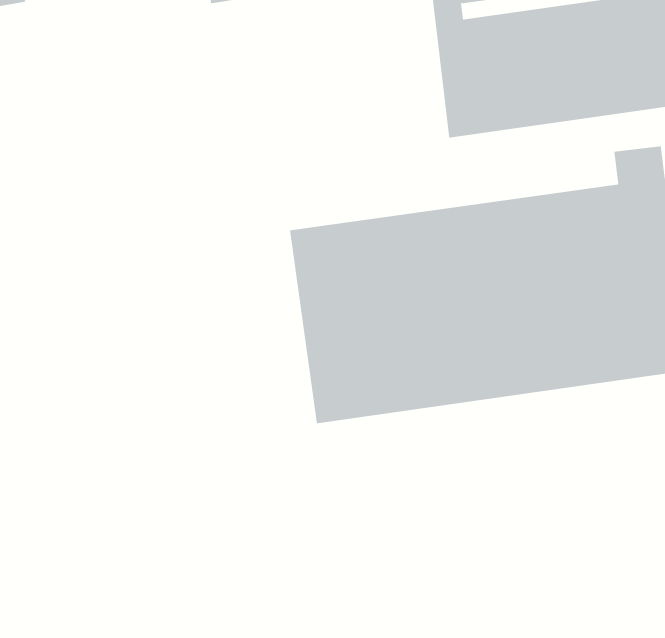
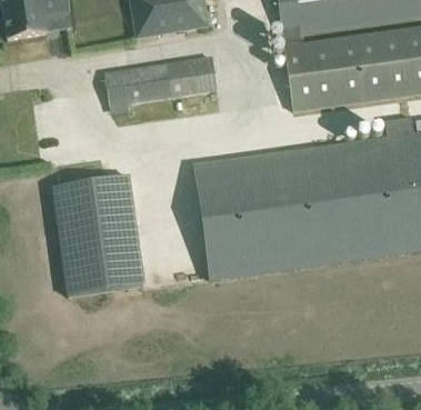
building: none -> [103,58,215,107]
building: none -> [52,174,142,297]

